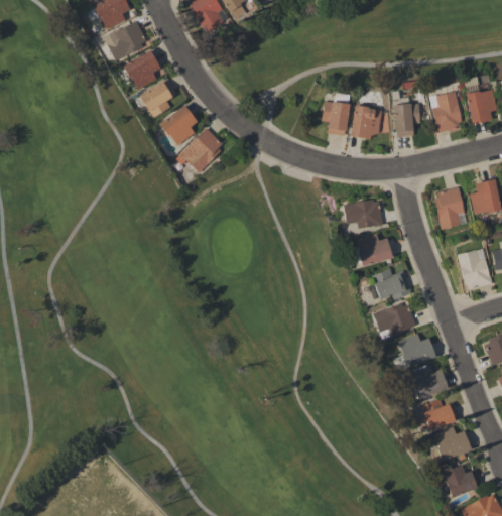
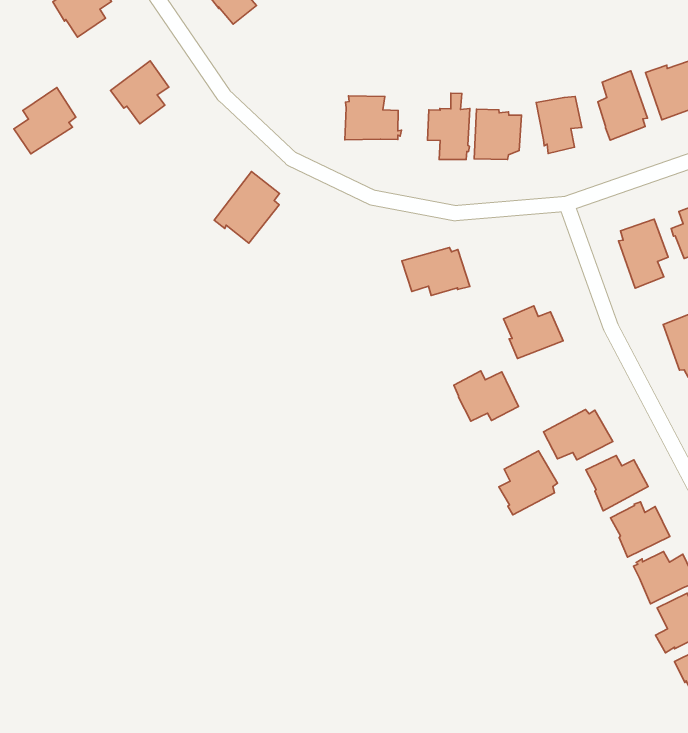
building: [107,20,147,60] -> [14,88,76,154]
building: [140,80,177,117] -> none
building: none -> [345,96,402,140]
building: [160,104,198,145] -> none
building: [343,199,384,228] -> [402,247,470,296]
building: [373,268,412,300] -> [454,371,518,421]
building: none -> [499,451,557,515]

